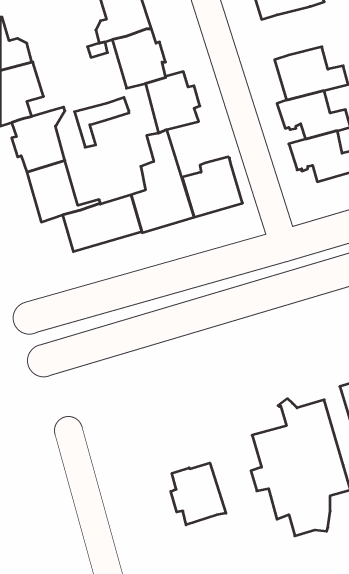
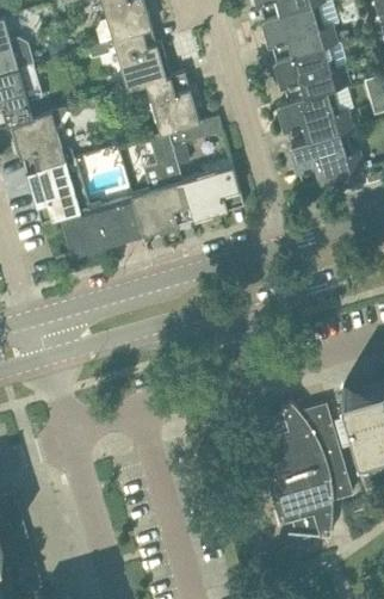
building: none -> [264,11,339,64]
building: [74,97,129,147] -> [168,121,223,171]
building: [171,463,226,525] -> none

